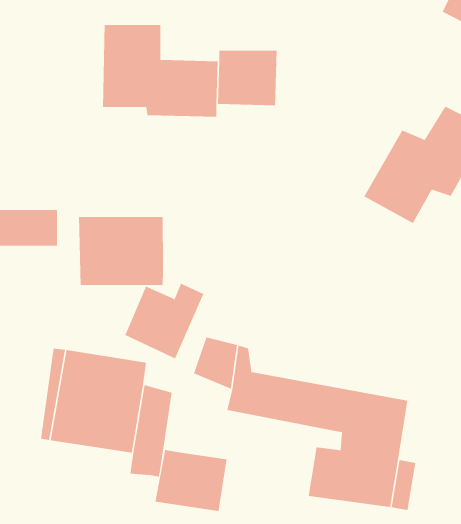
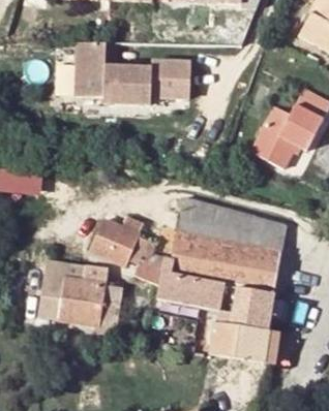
building: [78,216,163,286] -> none
building: none -> [171,197,286,290]
building: [155,449,227,512] -> none

